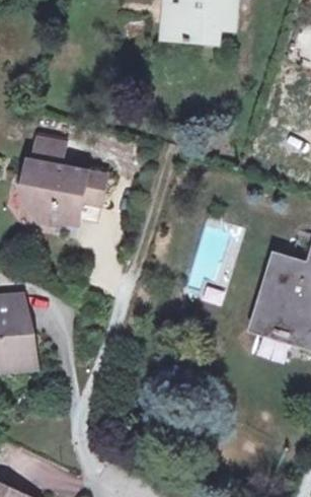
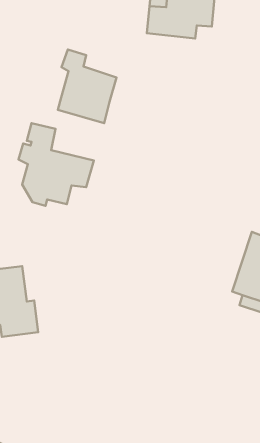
building: none -> [58,49,117,123]

